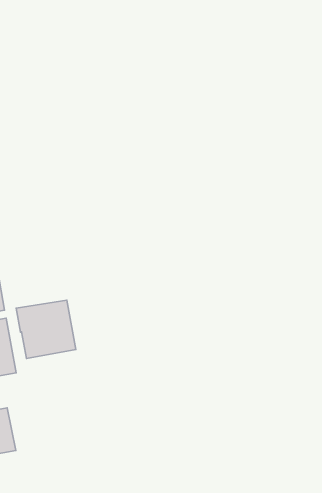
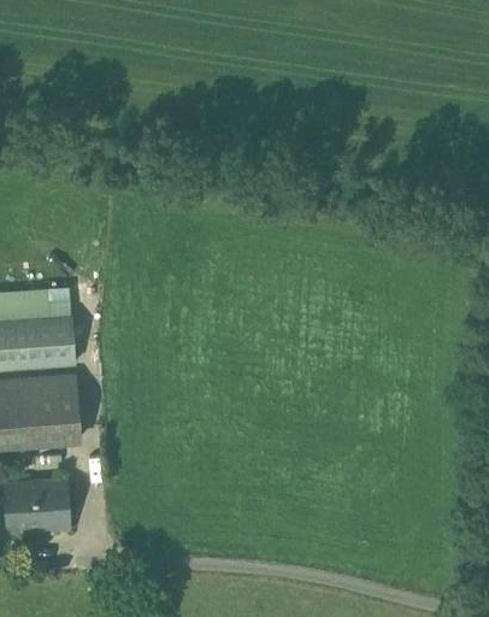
building: [16,300,76,358] -> none

